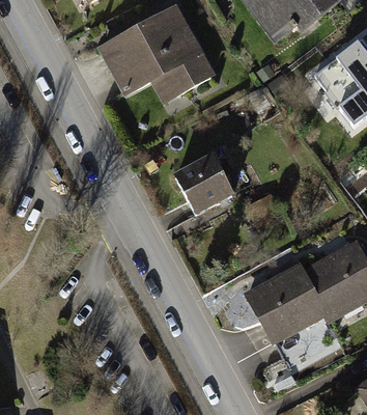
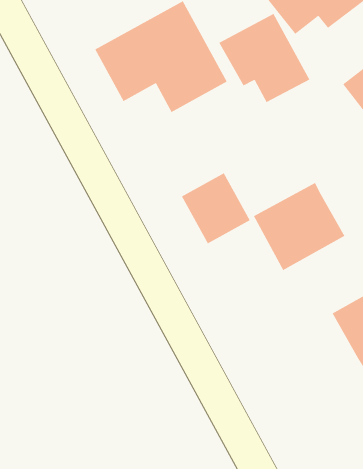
building: none -> [218,13,311,103]
building: [245,266,324,342] -> [253,182,346,271]

